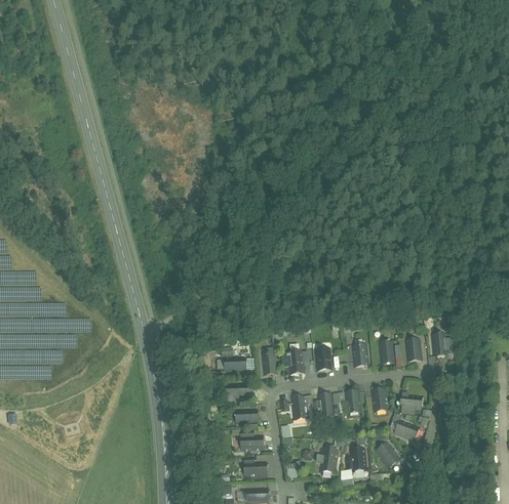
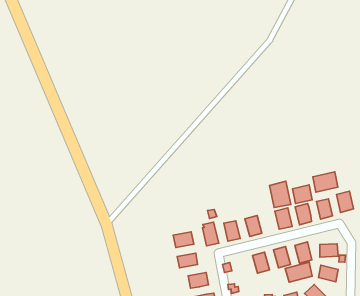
building: none -> [313,172,338,192]
building: none -> [269,181,291,208]
building: none -> [292,185,312,204]
building: [290,395,309,420] -> none
building: none -> [285,262,312,282]

